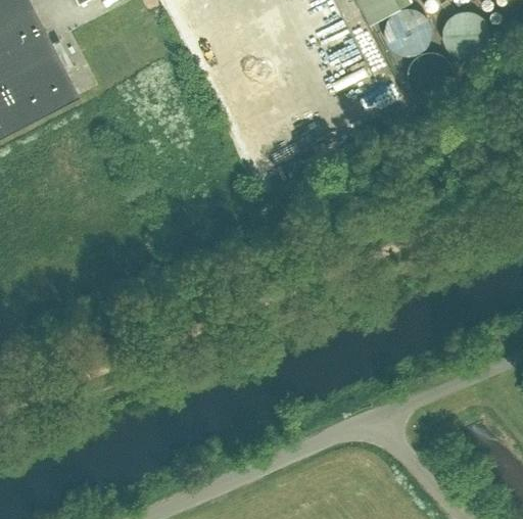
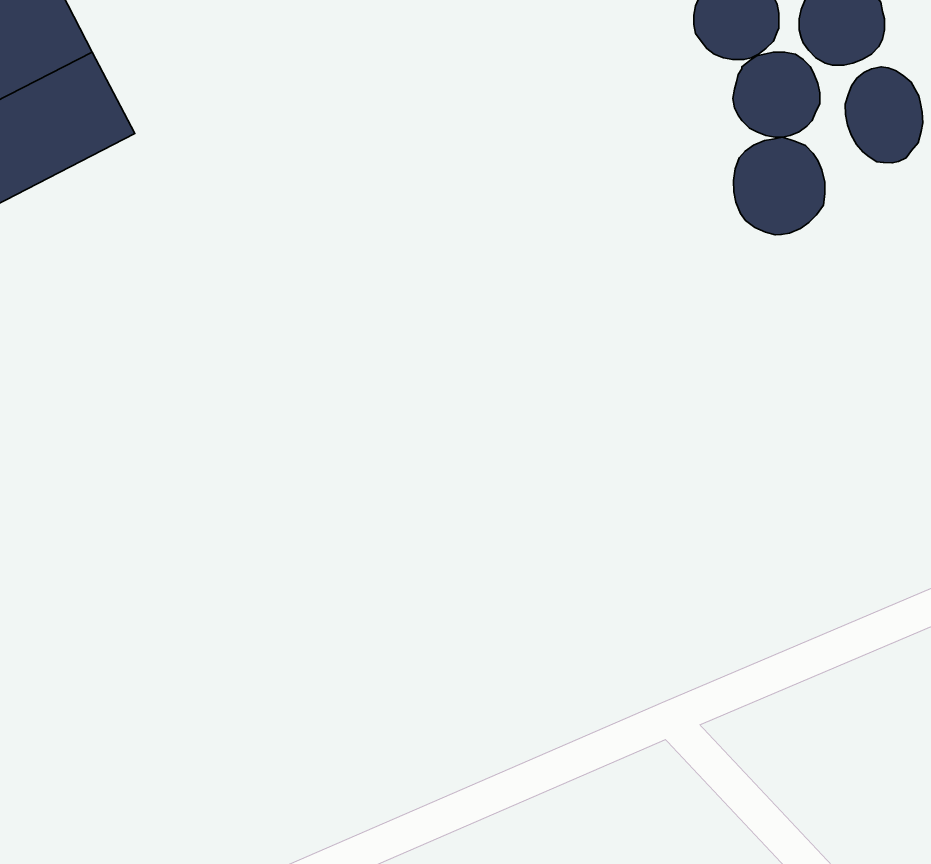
building: none -> [845,67,923,163]
building: none -> [733,137,825,235]

